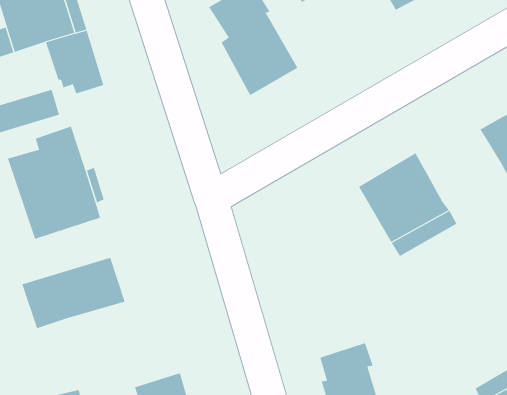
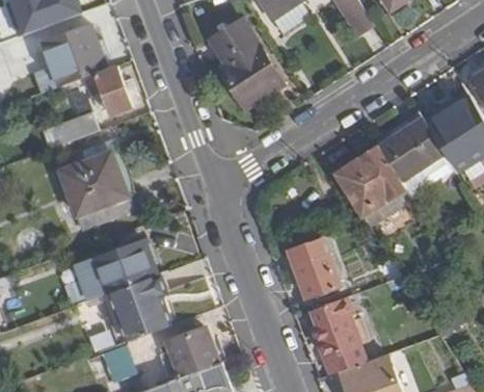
building: none -> [376,116,443,182]
building: none -> [286,236,340,299]
building: none -> [111,273,172,340]

